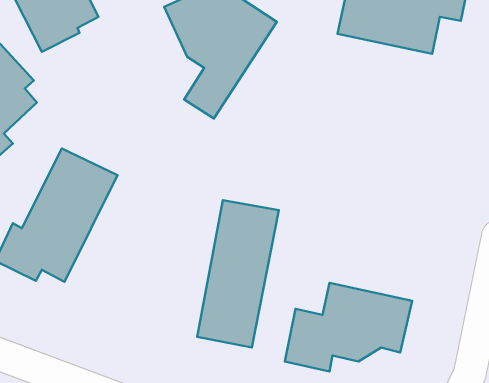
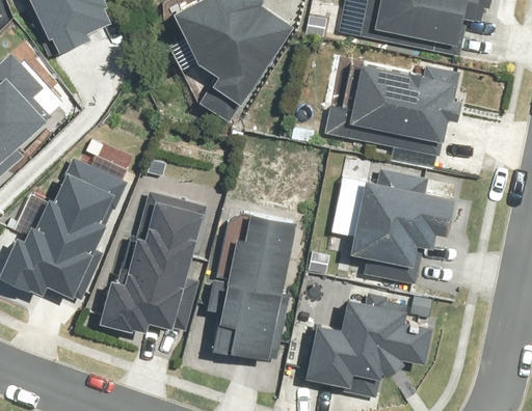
building: none -> [322,62,463,156]
building: none -> [348,166,456,283]
building: none -> [104,191,205,333]

